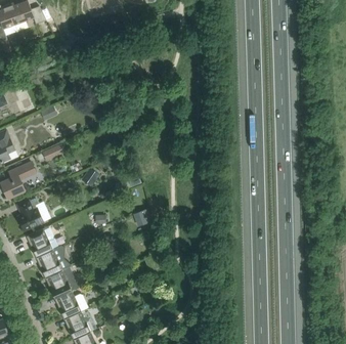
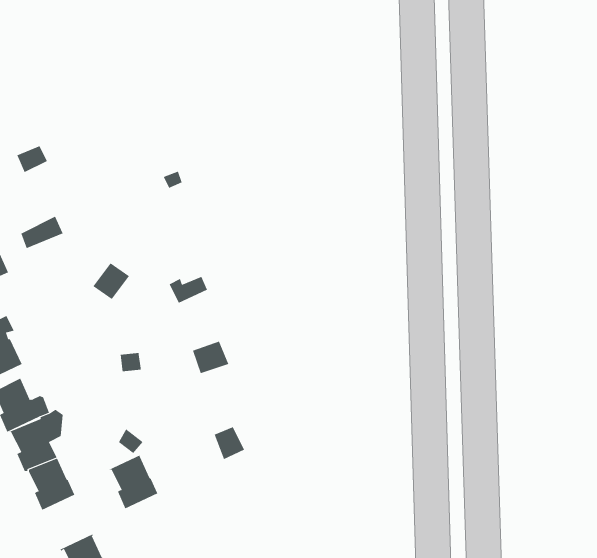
building: [54,289,81,317] -> [107,455,158,509]

